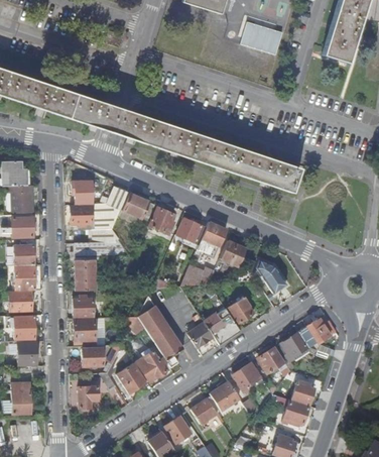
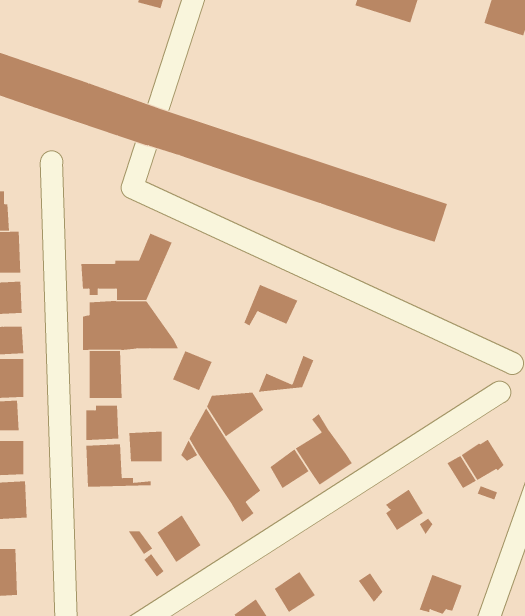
building: [73,180,93,202] -> none
building: [123,194,149,218] -> none
building: [149,207,174,232] -> [172,351,212,391]
building: [196,220,227,255] -> none
building: [220,240,245,265] -> none
building: [253,253,285,293] -> none
building: [226,297,255,324] -> none
building: [284,331,308,359] -> none
building: [83,346,104,365] -> [129,431,162,462]
building: [138,350,168,382] -> none
building: [236,361,262,393] -> none
building: [292,377,315,404] -> none
building: [210,380,241,411] -> none
building: [80,384,101,407] -> none

